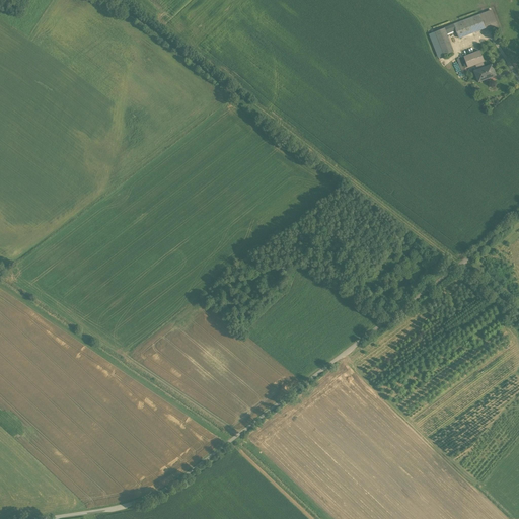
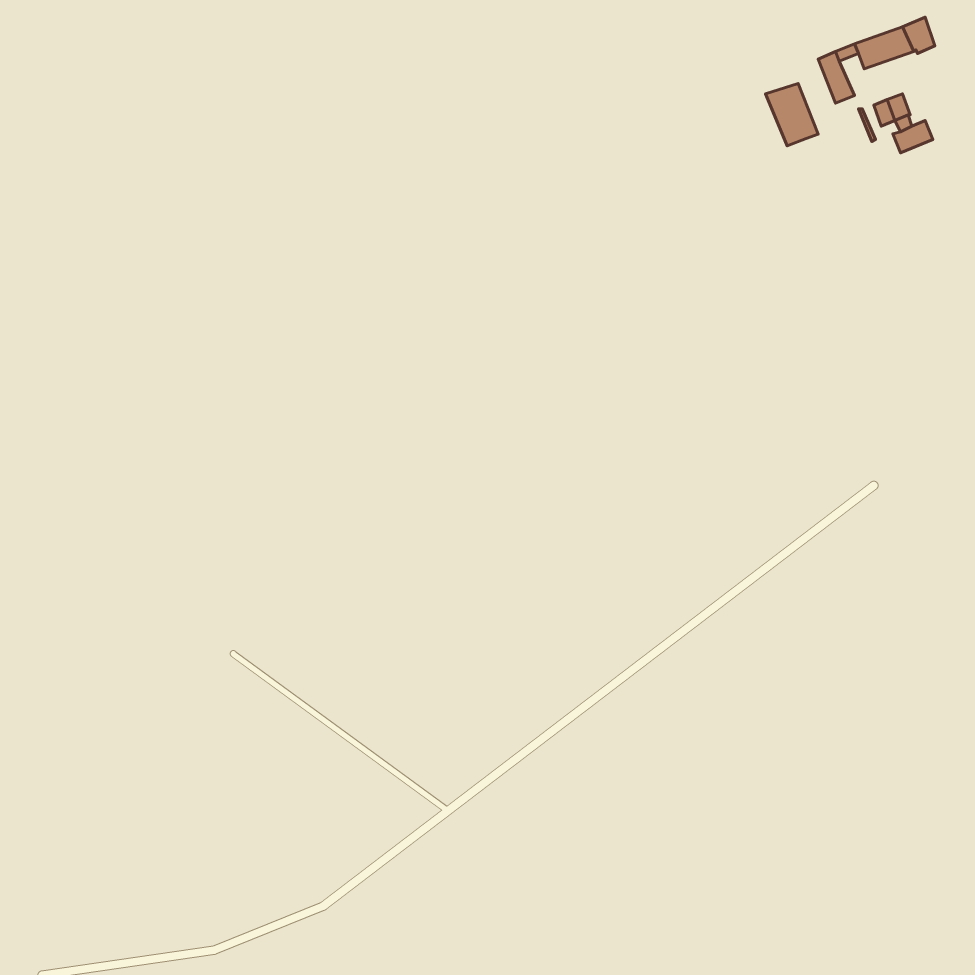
building: none -> [766,84,818,146]

